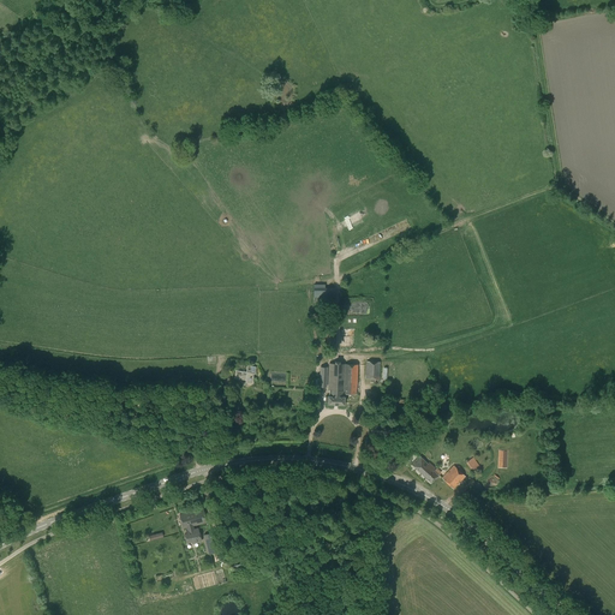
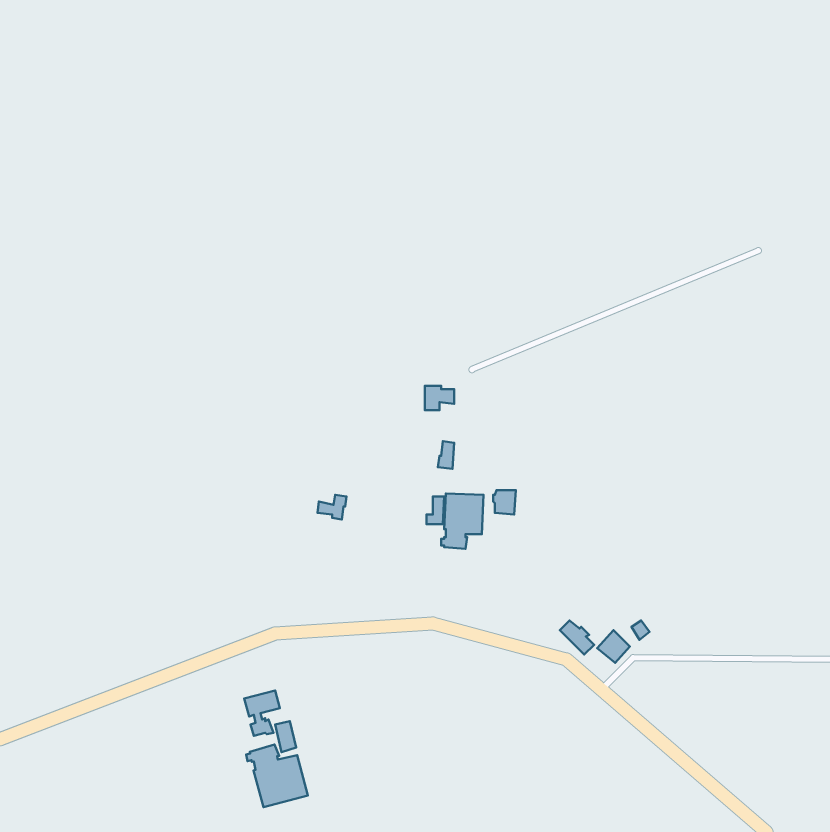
building: none -> [246,744,308,807]

